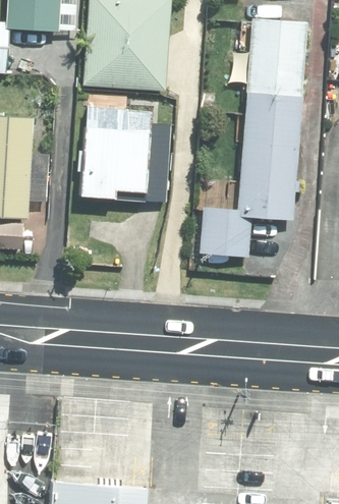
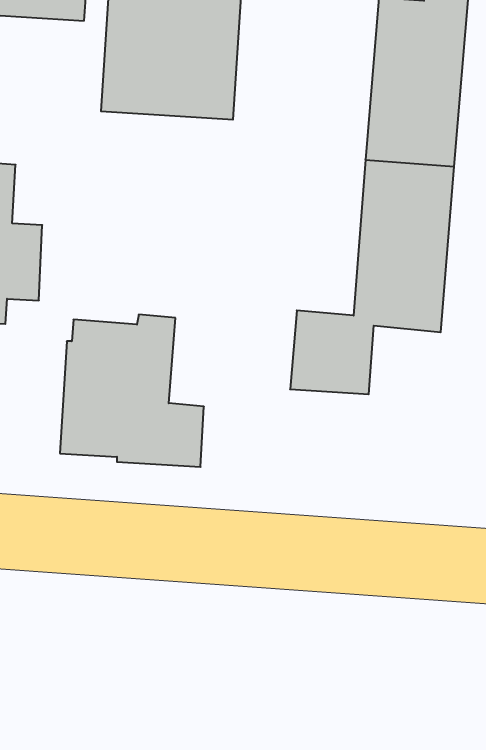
building: [80,110,168,203] -> [60,315,204,467]

